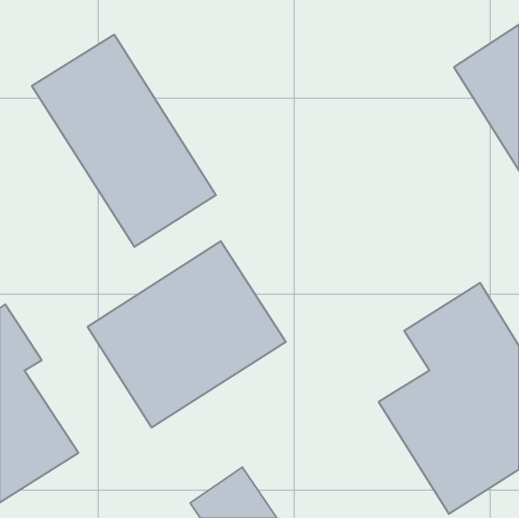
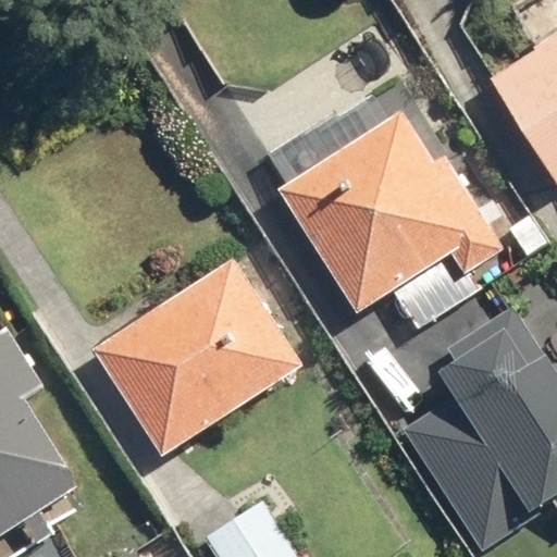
building: [32,35,216,247] -> none
building: none -> [277,110,506,314]

